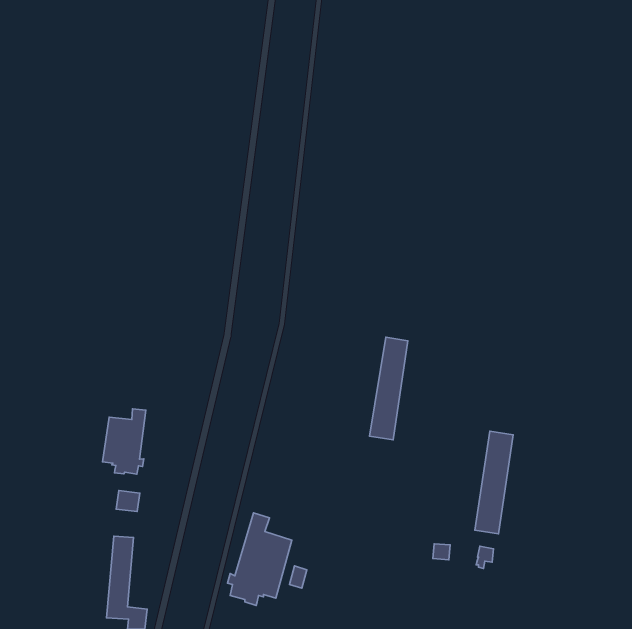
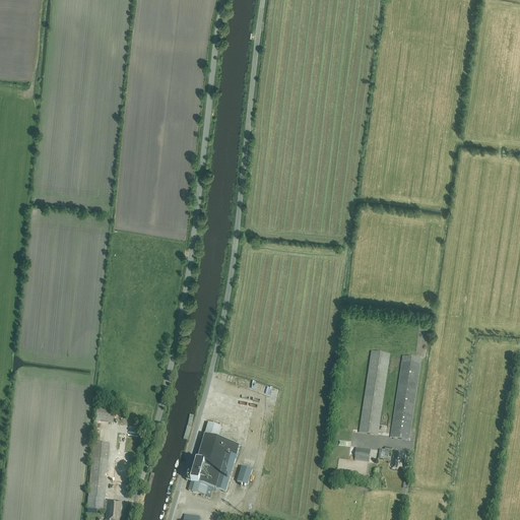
building: [370,337,408,440] -> [359,349,390,434]
building: [102,409,146,474] -> none

